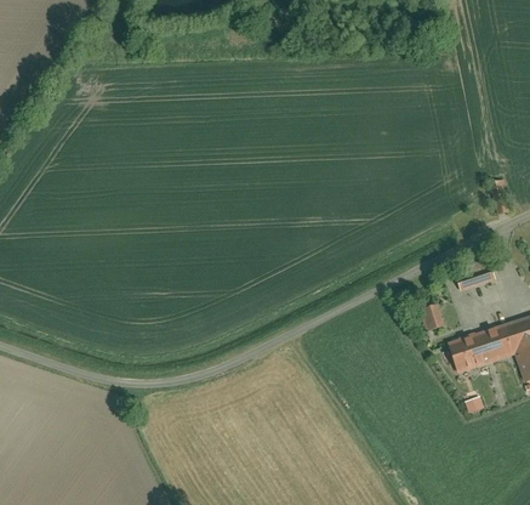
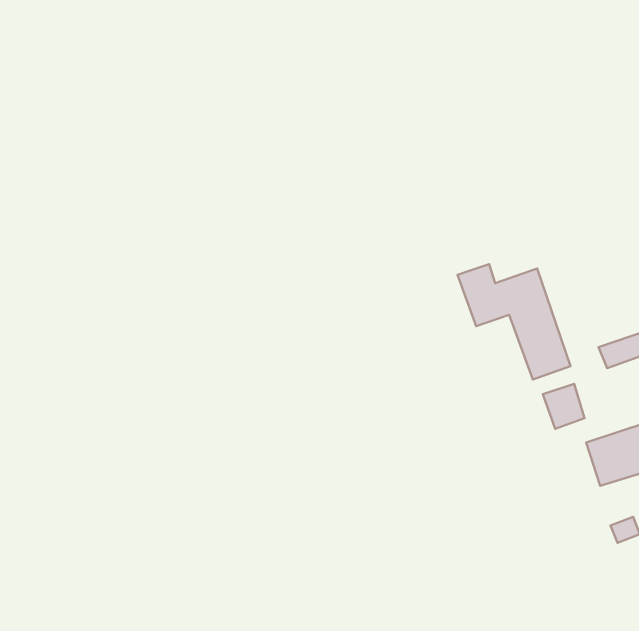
building: none -> [457,264,570,379]

